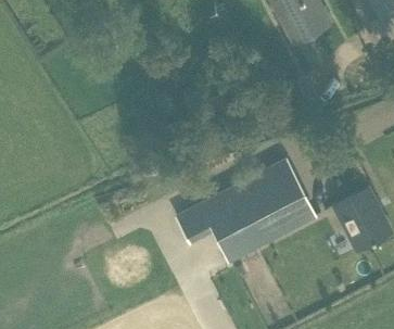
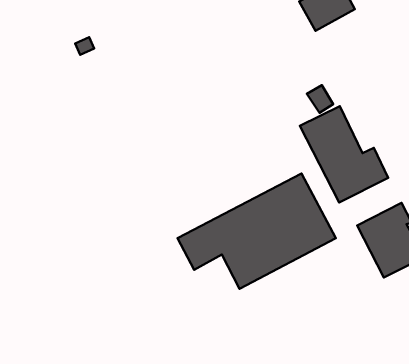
building: none -> [300,106,388,202]

